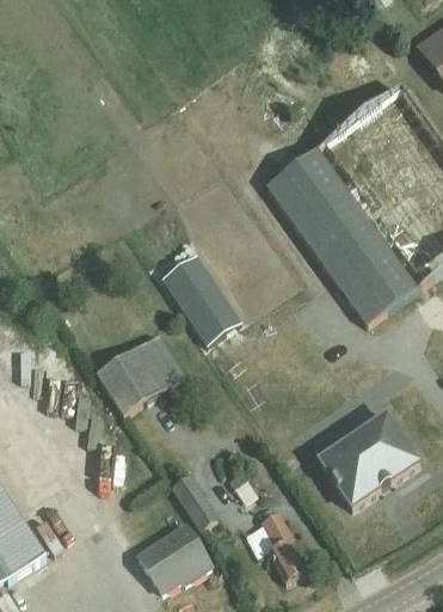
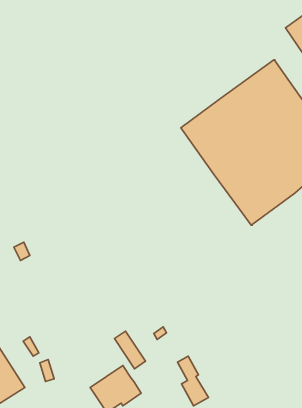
building: [162,253,241,344] -> none
building: [97,333,185,414] -> none
building: [320,414,419,507] -> none

